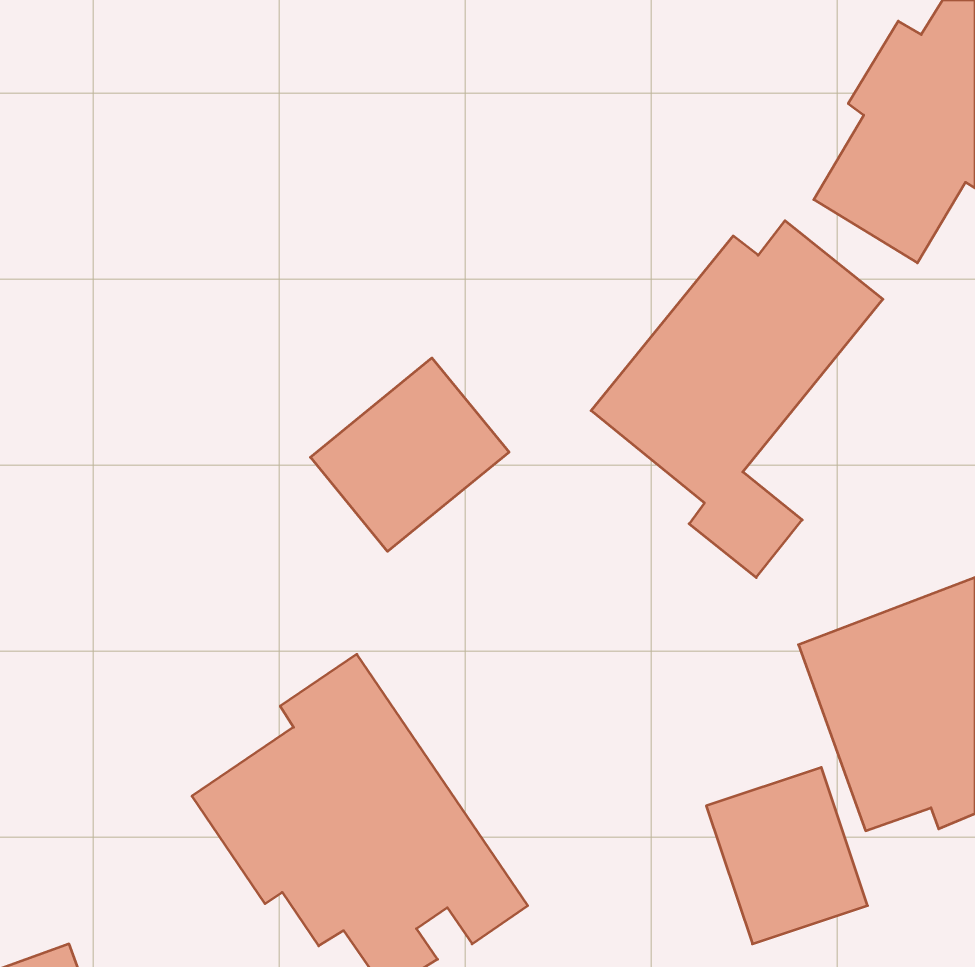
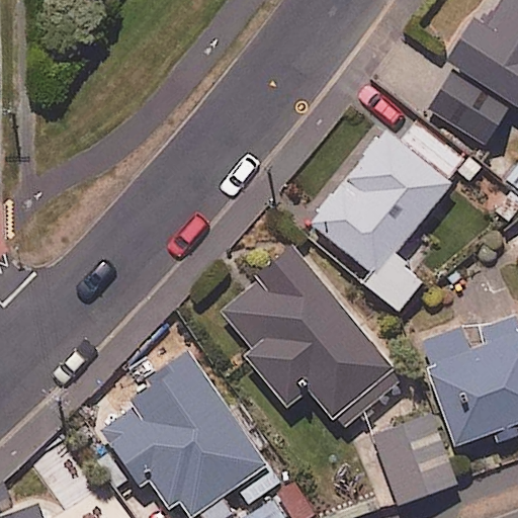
building: [310,358,509,551] -> none
building: none -> [223,253,402,430]

